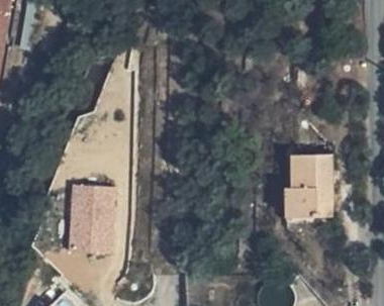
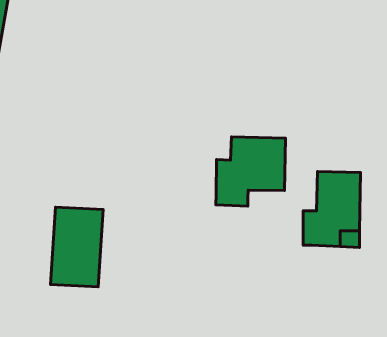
building: none -> [216,137,285,206]

